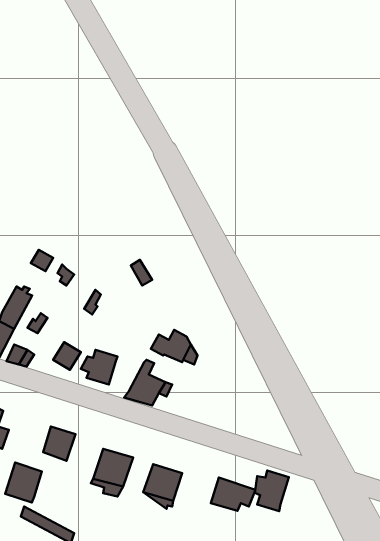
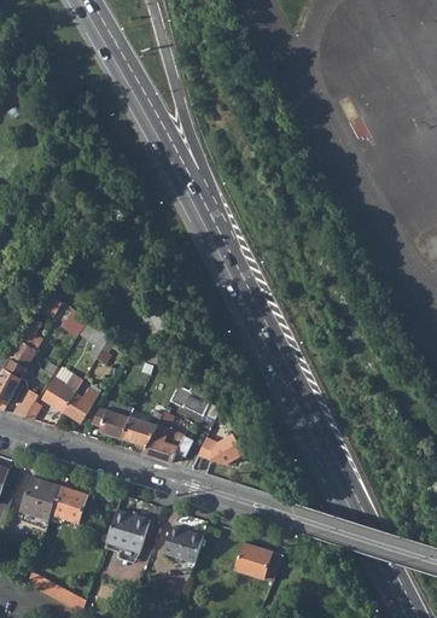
building: none -> [41,378,78,413]
building: none -> [123,410,162,447]
building: none -> [200,432,241,465]
building: [5,463,42,503] -> [21,476,60,519]
building: [255,470,289,511] -> none

